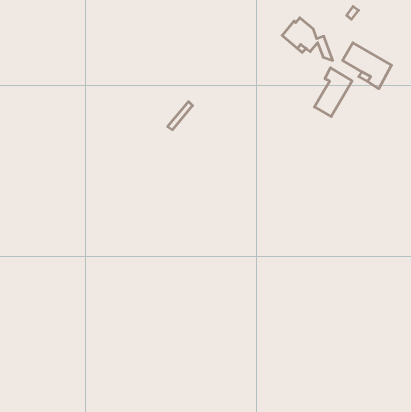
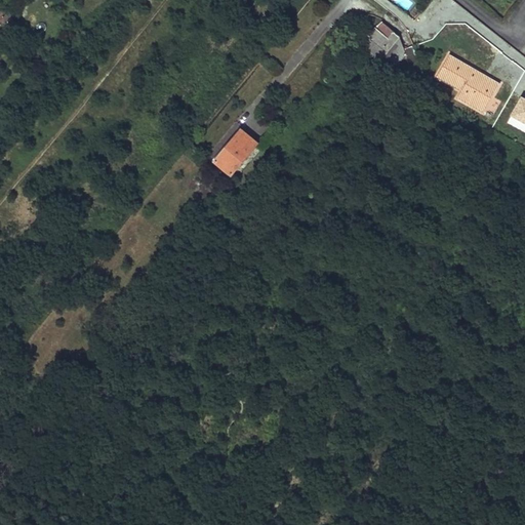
building: [314,68,352,117] -> none
building: none -> [219,134,256,174]

